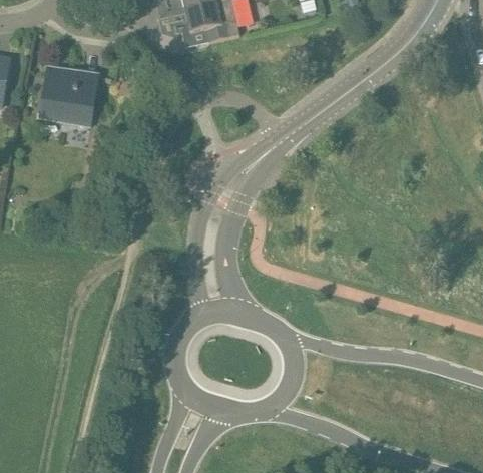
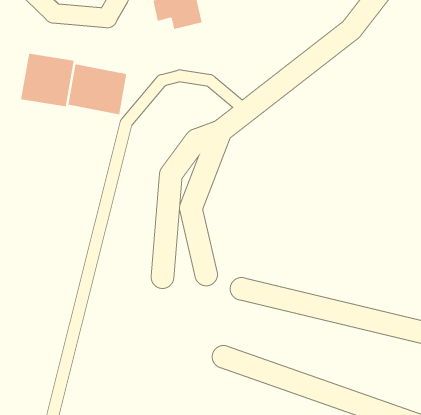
building: none -> [68,64,127,115]

